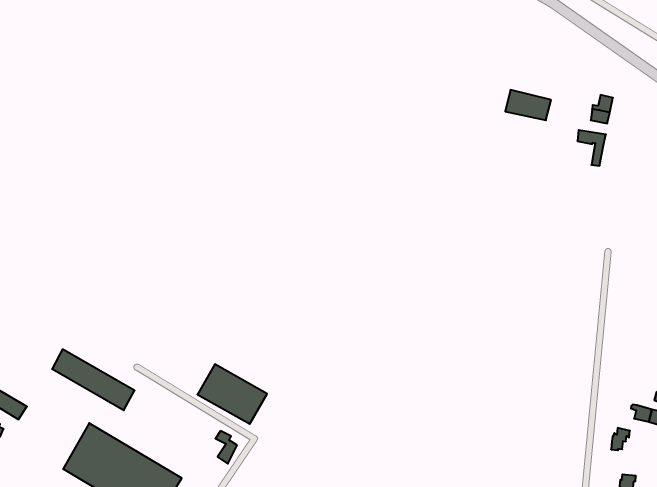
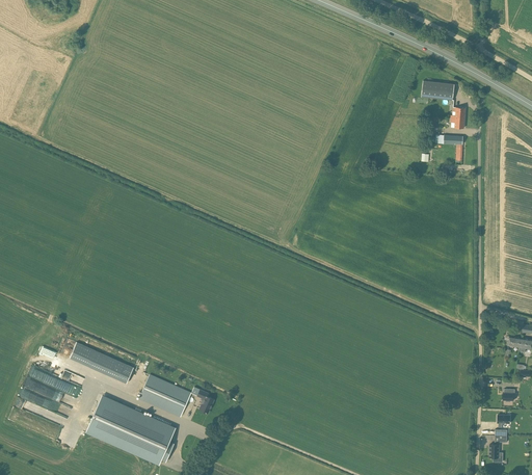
building: [505,90,551,120] -> [421,80,454,100]
building: [197,364,267,424] -> [139,374,191,416]

